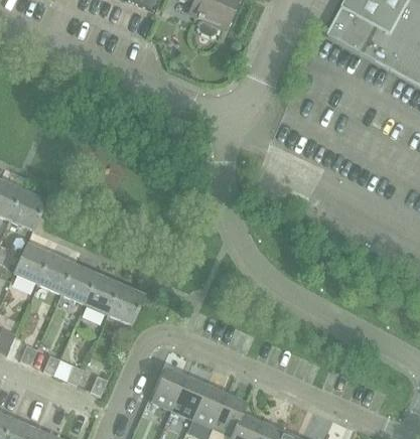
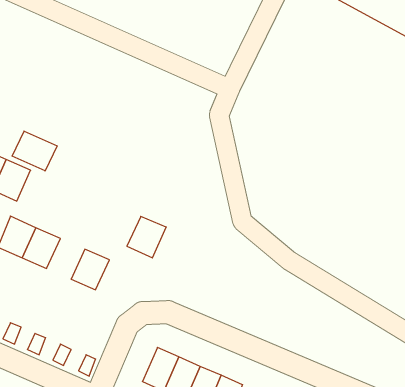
building: none -> [12,131,57,171]
building: [60,264,97,302] -> none
building: [107,284,144,323] -> [127,216,166,258]

